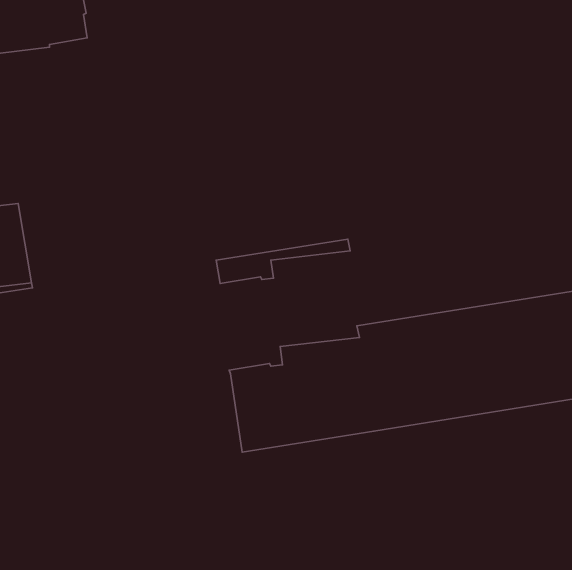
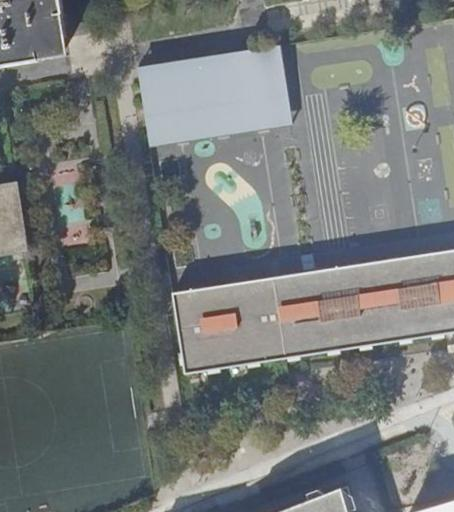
building: none -> [138,43,293,146]
building: [216,239,350,283] -> [176,276,279,310]

